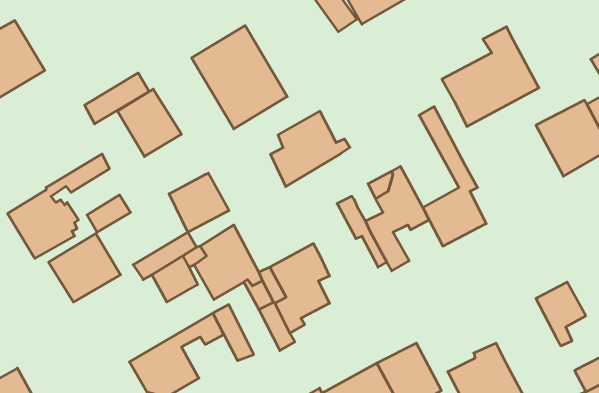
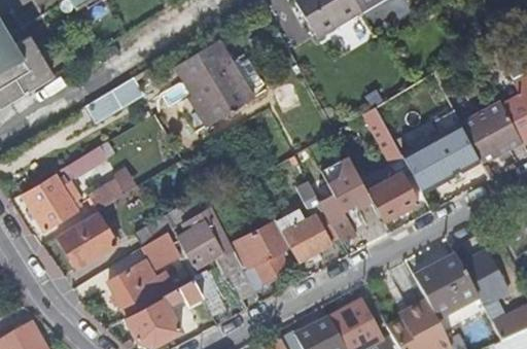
building: [442,27,539,126] -> [401,111,482,194]
building: [118,89,181,157] -> none
building: [271,111,350,187] -> none
building: [169,173,229,232] -> none
building: none -> [282,213,331,261]
building: none -> [415,256,477,318]
building: none -> [108,259,164,314]

